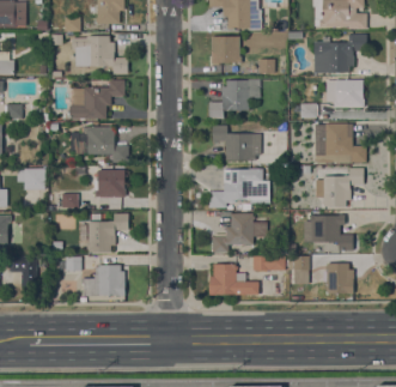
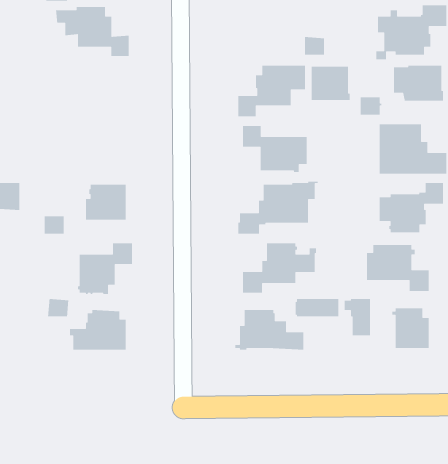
building: [211,36,240,62] -> [311,66,350,101]
building: [69,79,124,119] -> none
building: [78,126,128,165] -> none

